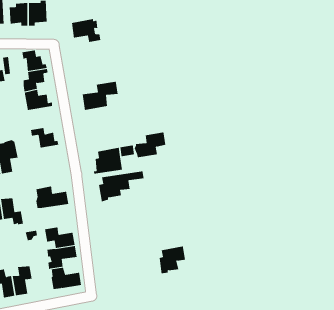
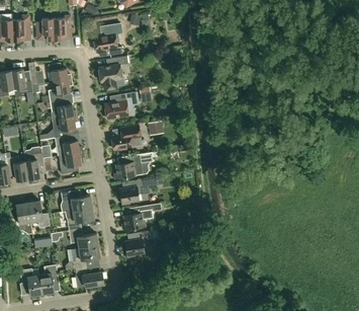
building: none -> [98,56,127,89]
building: none -> [53,115,78,138]
building: [134,132,166,158] -> [110,126,141,150]
building: none -> [59,152,84,174]
building: none -> [122,206,151,230]
building: none -> [65,208,94,231]
building: [159,246,186,274] -> [125,231,151,257]

